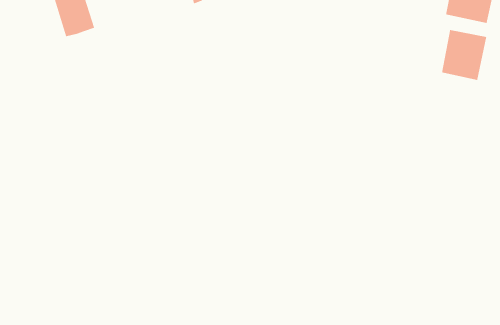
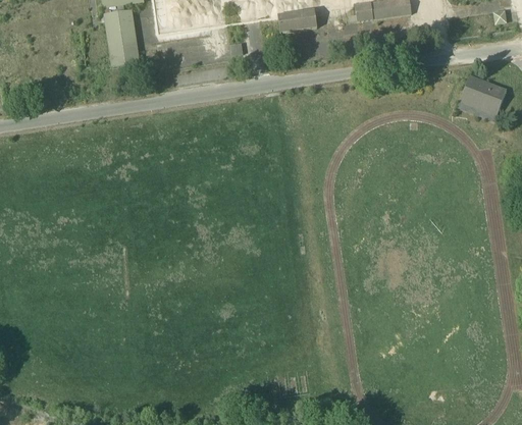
building: [441,29,487,81] -> none

